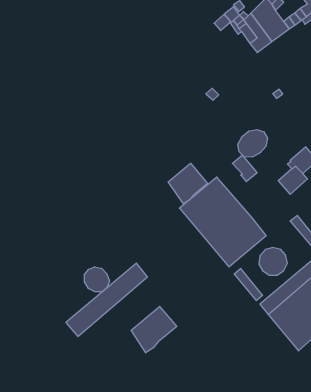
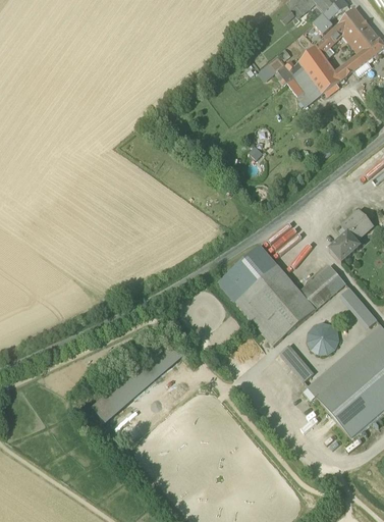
building: [238,130,267,157] -> none
building: [168,163,207,204] -> none
building: none -> [299,264,345,309]
building: [84,267,109,292] -> none
building: [131,306,177,353] -> none

